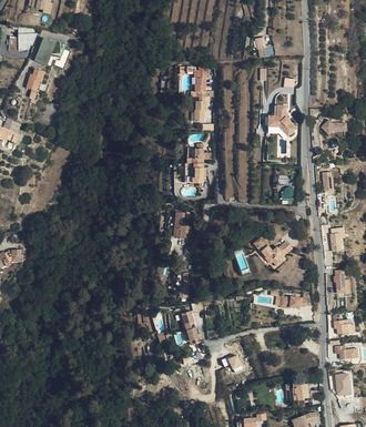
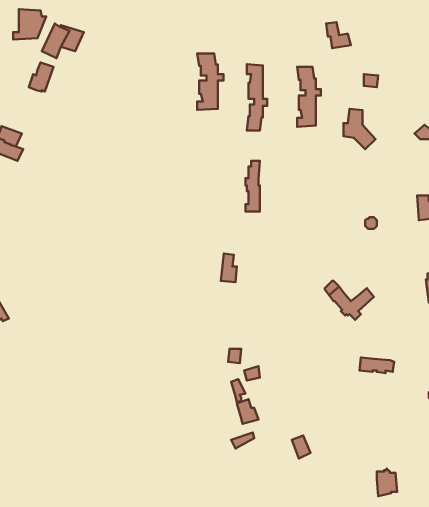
building: none -> [197,53,223,110]
building: none -> [297,67,321,127]

